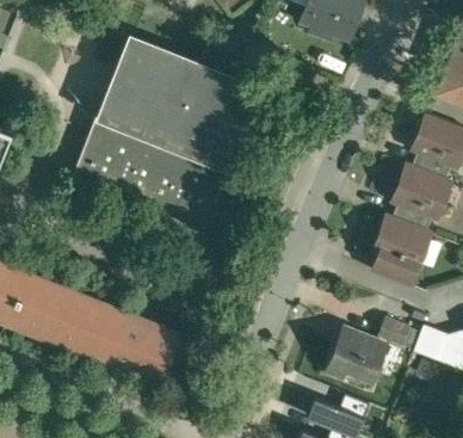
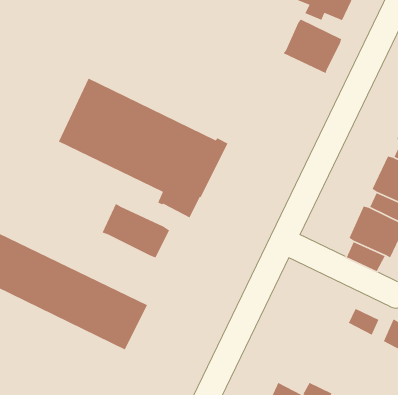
building: none -> [283,19,342,74]
building: [104,38,264,164] -> none
building: none -> [101,203,170,258]
building: [326,328,388,381] -> none

